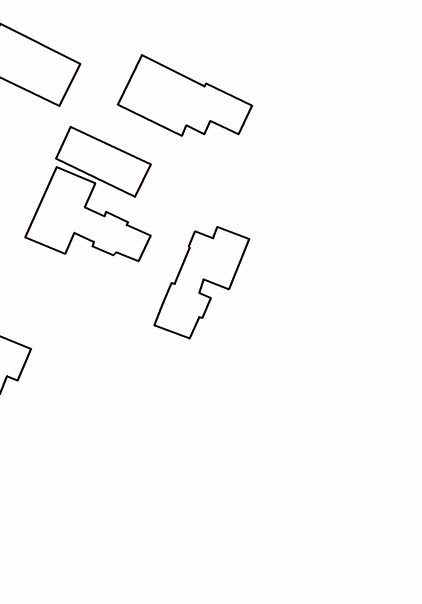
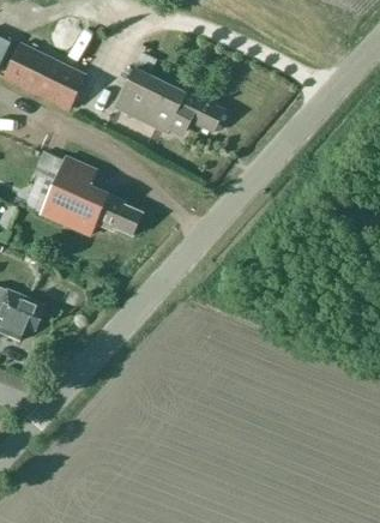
building: [56,127,151,197] -> none
building: [155,227,249,339] -> none

